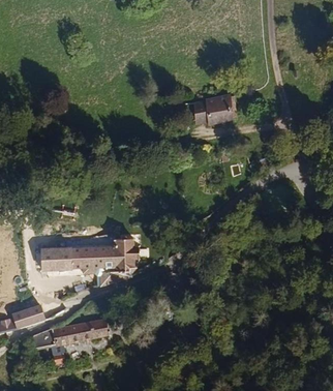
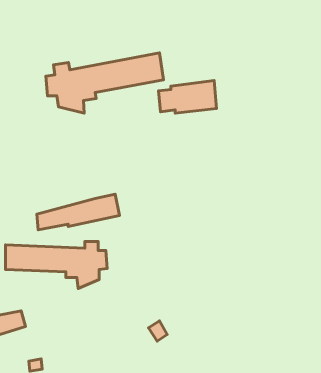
building: none -> [46,53,164,113]
building: [42,317,119,350] -> [37,194,120,230]

